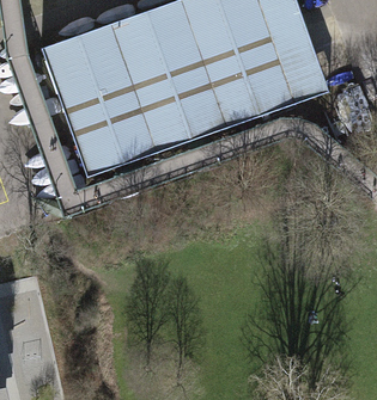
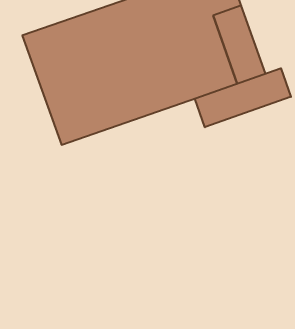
building: none -> [195,68,291,127]

